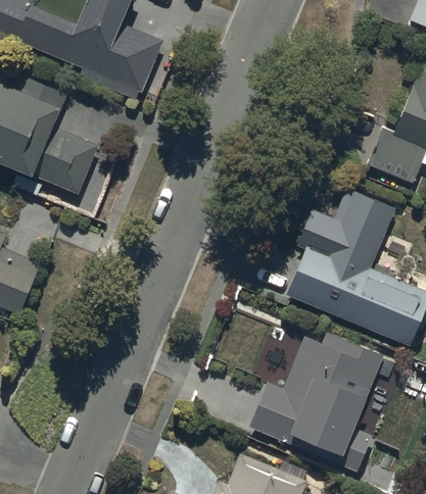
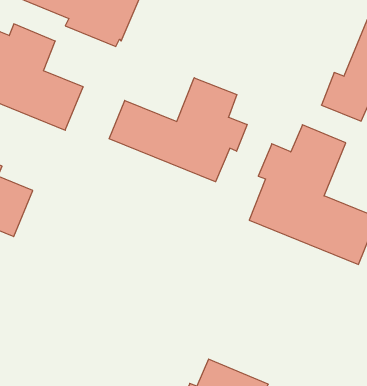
building: none -> [109,78,247,182]
building: [248,333,384,473] -> none

